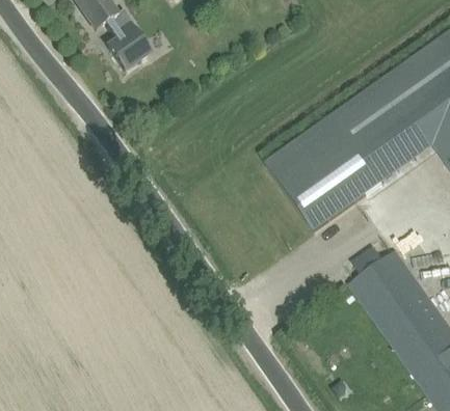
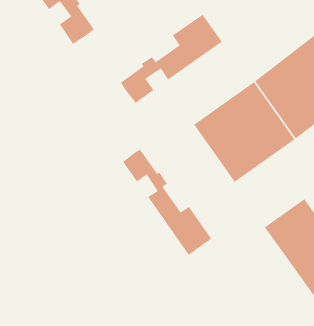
building: none -> [120,14,223,104]
building: none -> [122,148,212,256]

